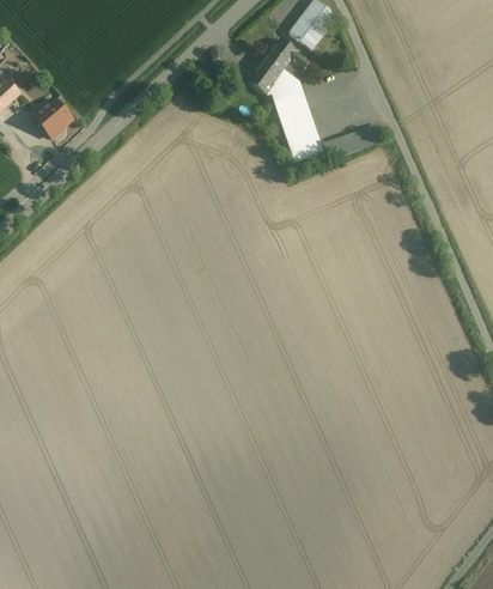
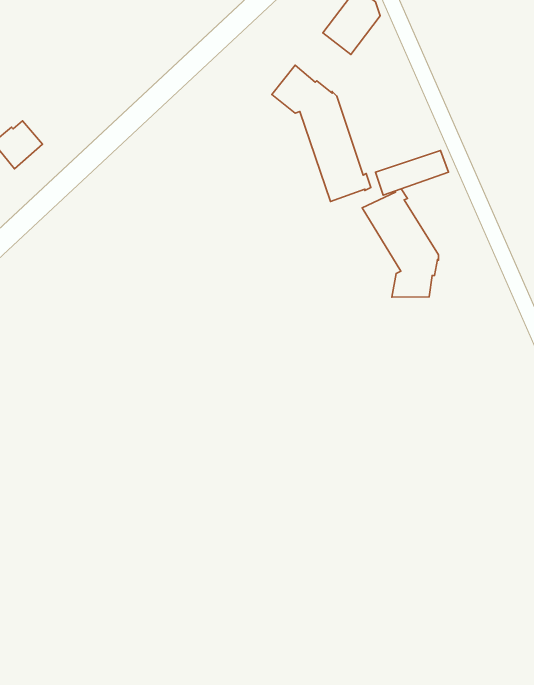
building: [267,38,309,71] -> none
building: none -> [362,189,439,297]

